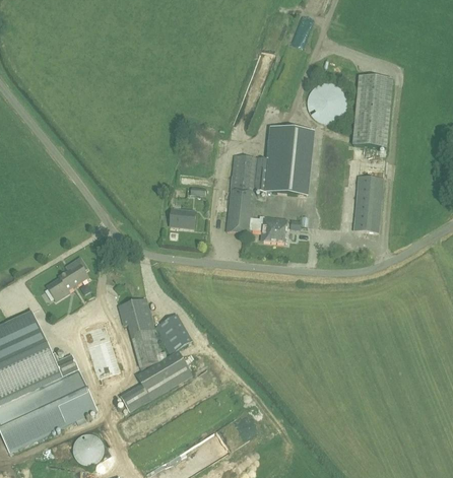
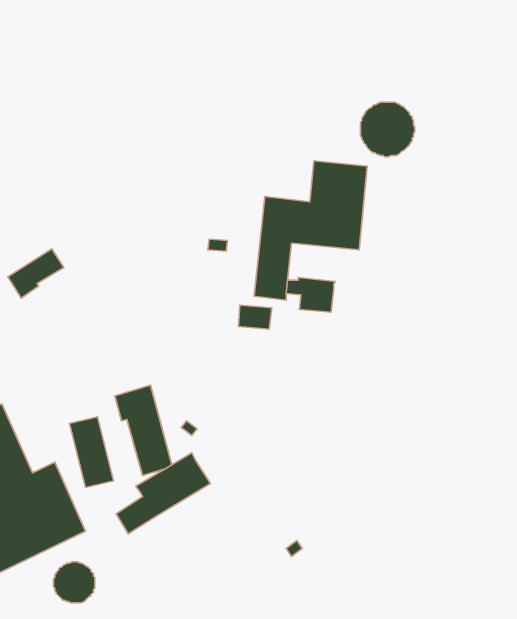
building: [352,74,392,146] -> none
building: [353,175,383,231] -> none
building: [170,208,195,226] -> [239,305,272,329]
building: [45,262,87,299] -> [8,249,64,298]

